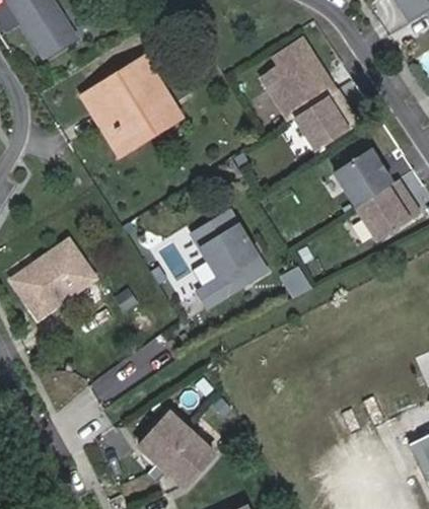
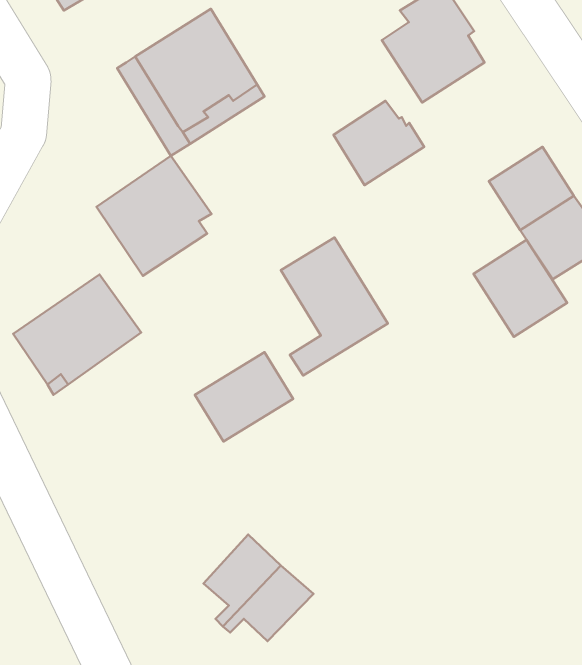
building: [295,92,357,150] -> [333,101,424,185]
building: none -> [97,156,212,276]
building: none -> [473,240,567,337]
building: none -> [195,352,293,441]

